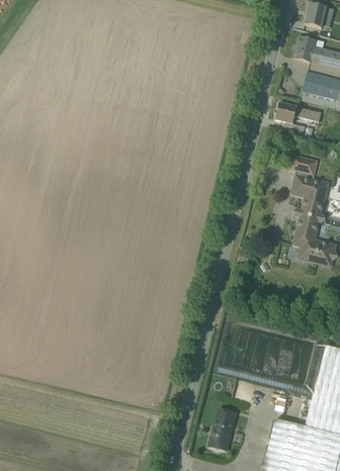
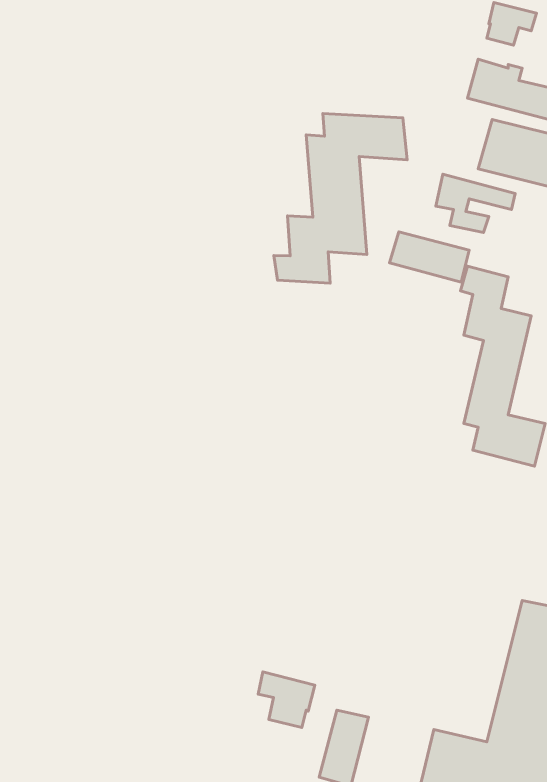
building: none -> [274,113,407,283]
building: none -> [390,232,469,282]
building: none -> [258,672,315,728]

